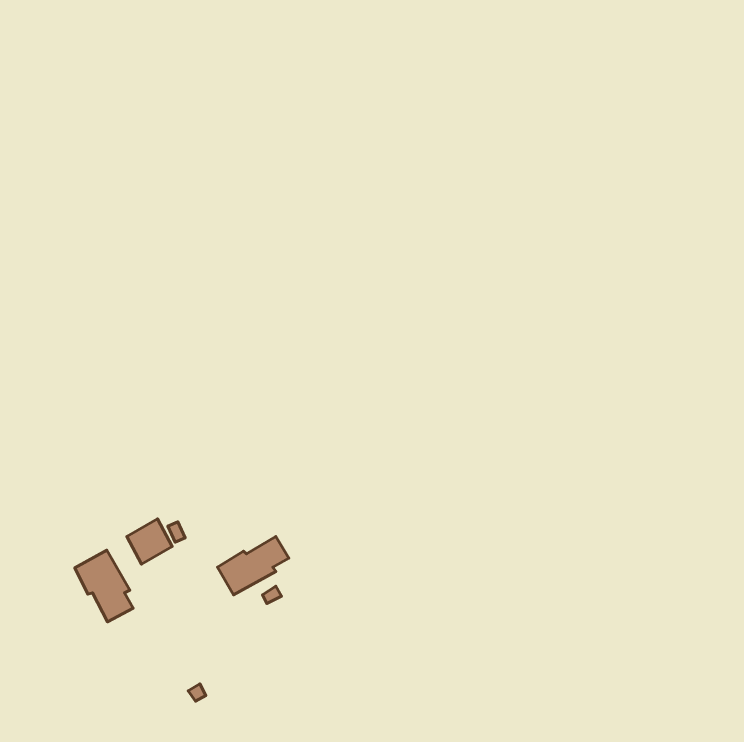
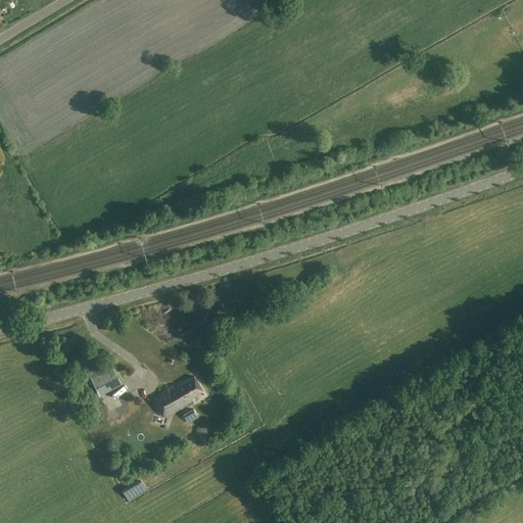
building: [75,550,133,622] -> none

